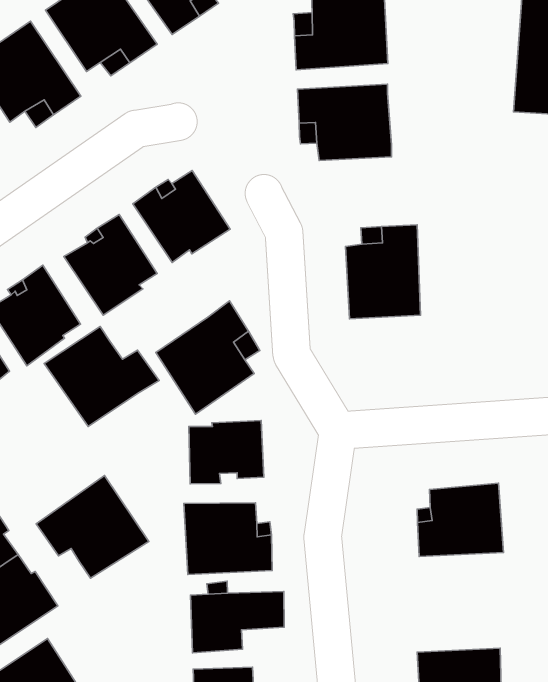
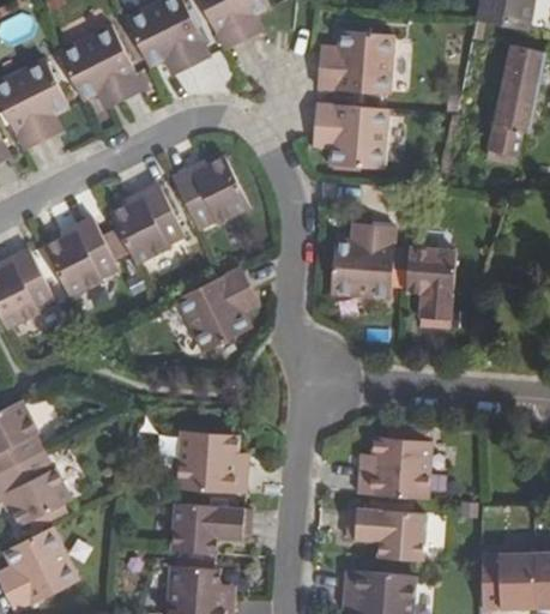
building: none -> [405,249,453,331]
building: [44,327,159,426] -> none
building: [189,420,264,484] -> none
building: [36,476,149,578] -> none
building: none -> [351,510,429,560]

